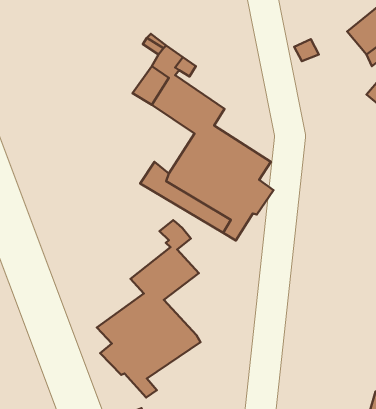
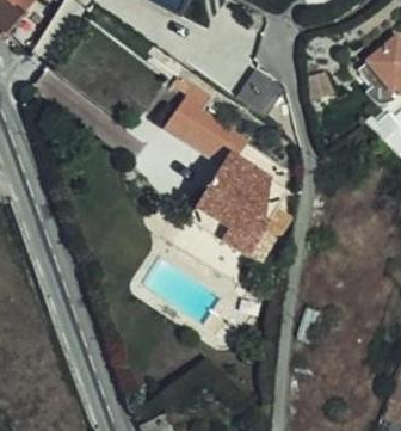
building: [97,220,201,397] -> none

